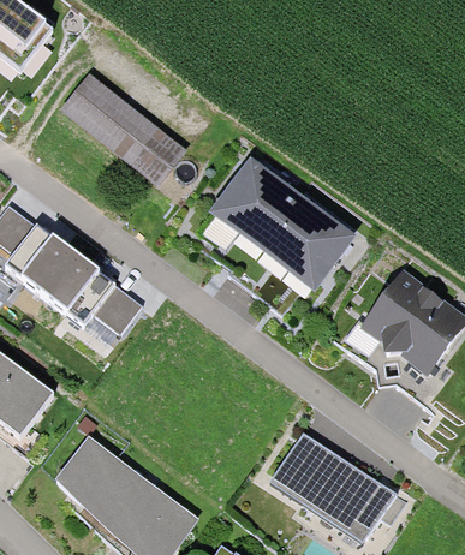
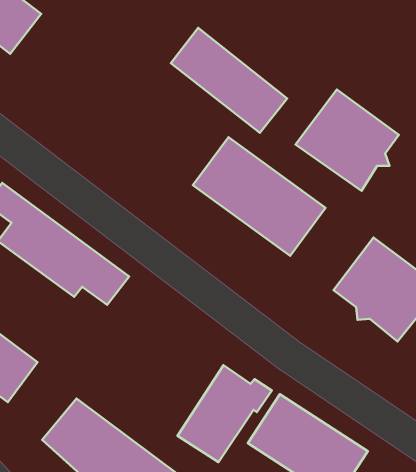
building: [64,72,186,183] -> [171,28,287,133]
building: none -> [295,89,399,191]
building: none -> [178,365,272,462]

